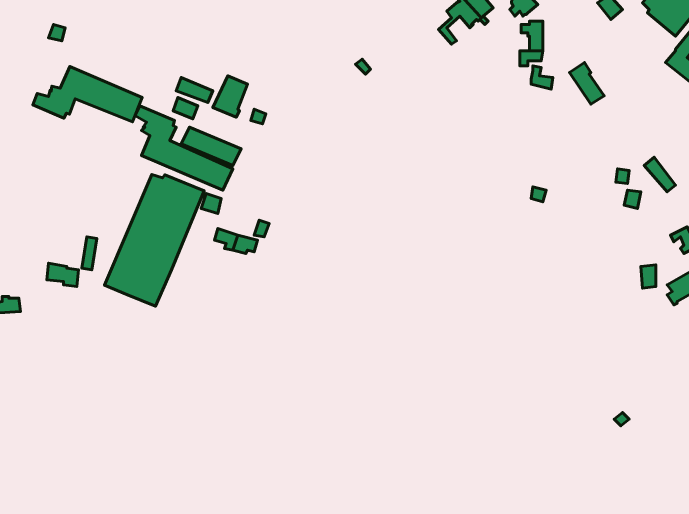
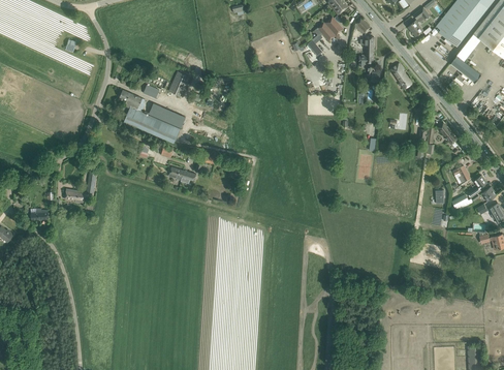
building: [33,66,142,122] -> none
building: [105,175,204,306] -> none

